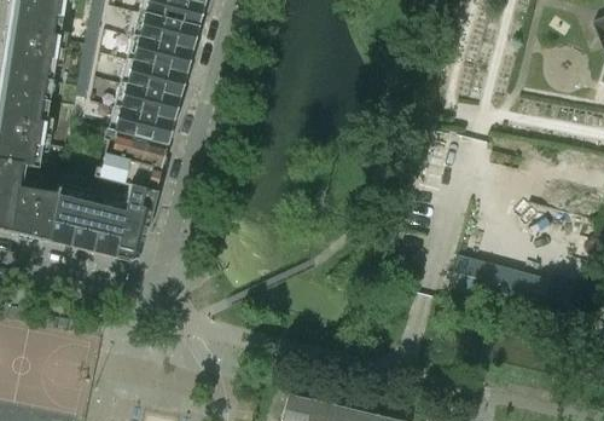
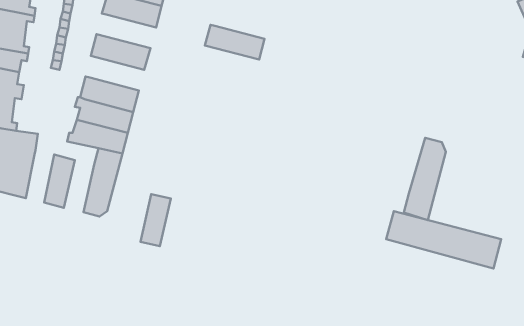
building: [126,34,192,73] -> [205,25,265,60]
building: [114,81,179,120] -> none
building: none -> [404,138,446,220]
building: [47,186,79,244] -> none
building: [89,197,123,255] -> [140,194,171,246]

